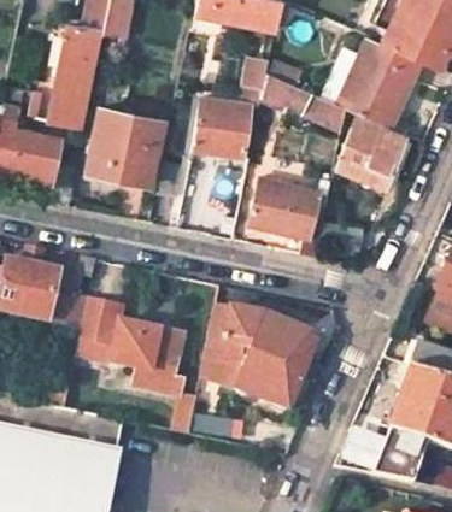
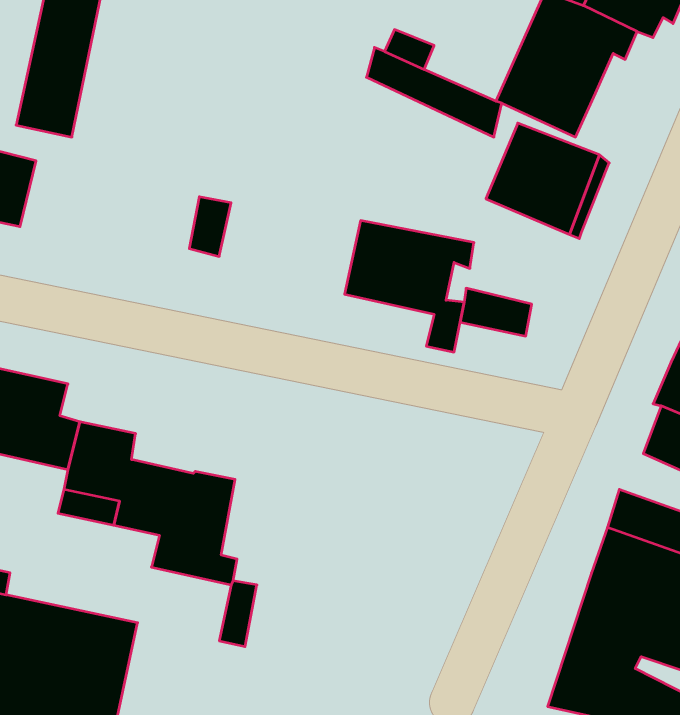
building: [193,96,250,157] -> none
building: [87,110,160,183] -> none
building: [200,304,316,411] -> none

